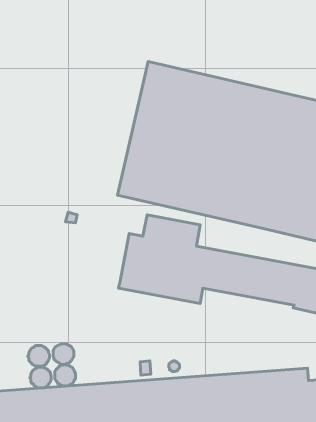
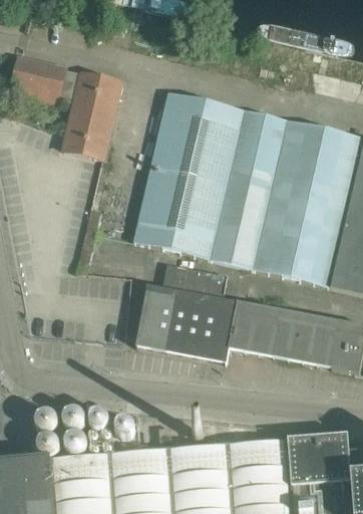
building: none -> [10,57,120,159]

